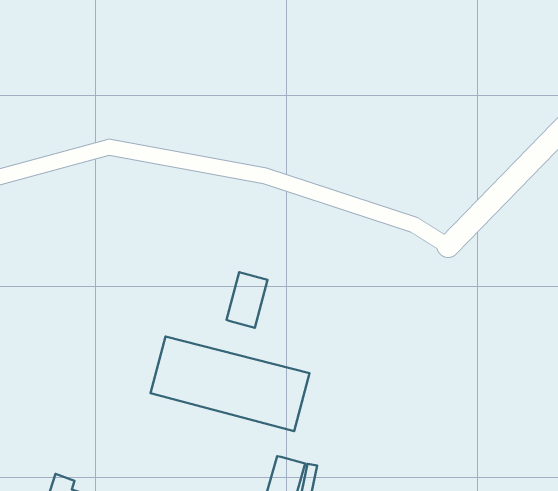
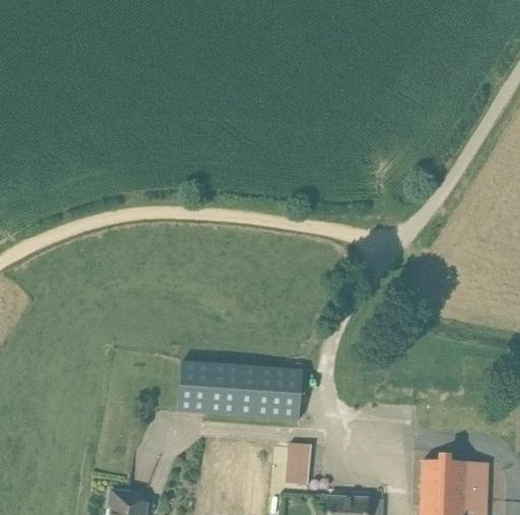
building: [227,272,267,328] -> none

